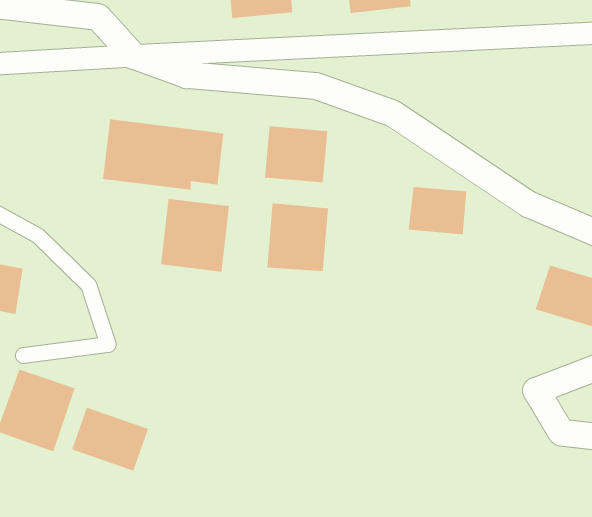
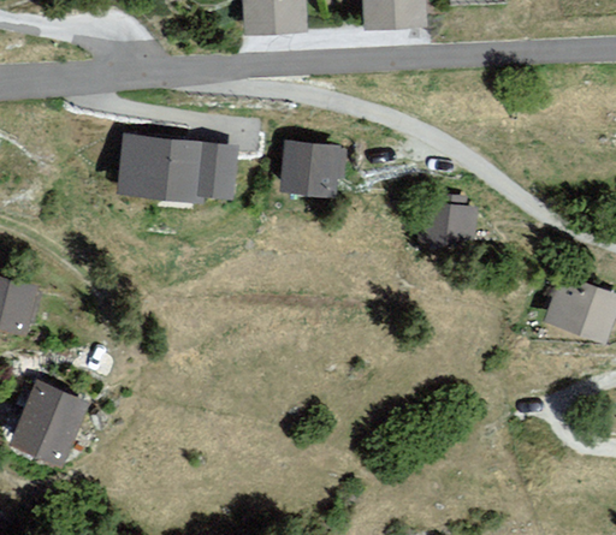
building: [161,198,229,272] -> none
building: [267,203,329,272] -> none
building: [71,407,149,471] -> none

